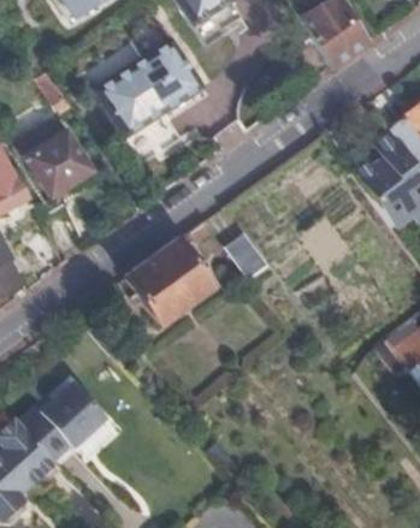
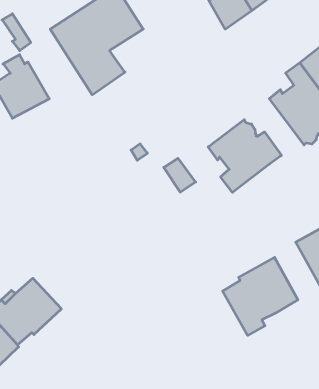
building: none -> [208,120,281,192]
building: [128,238,215,327] -> none
building: none -> [223,257,298,335]

